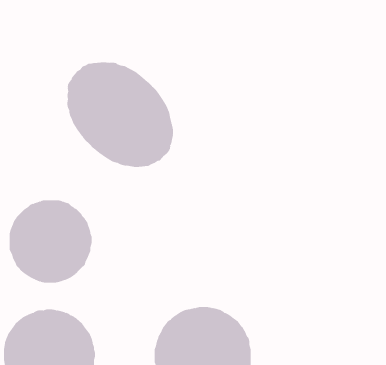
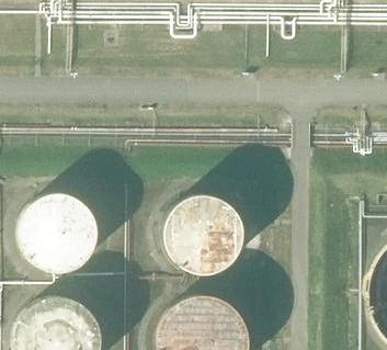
building: [67,61,174,168] -> none
building: none -> [163,194,242,274]

